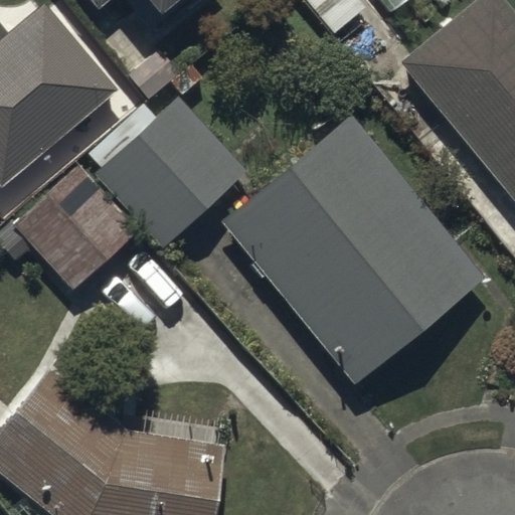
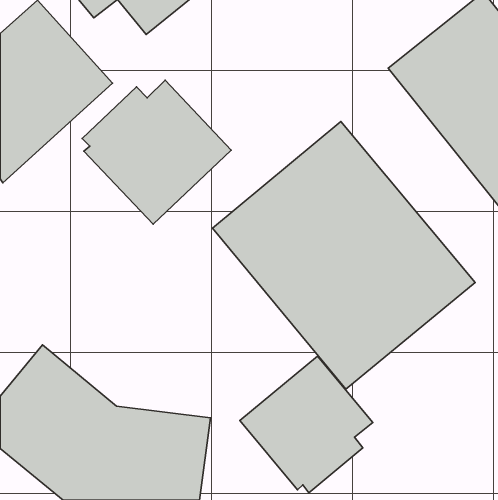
building: [15,149,138,272] -> none
building: none -> [240,356,373,493]

